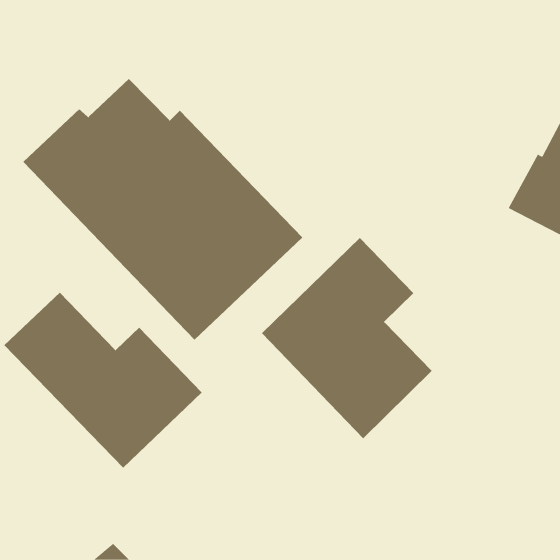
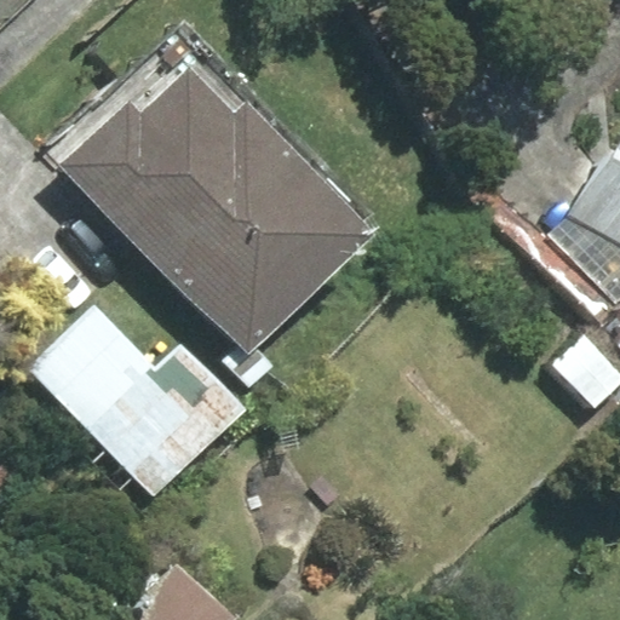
building: [261,237,433,439] -> none

